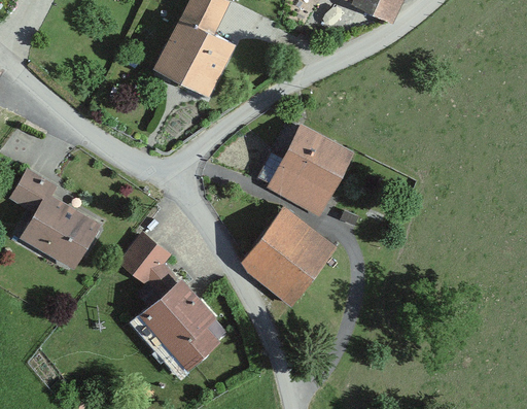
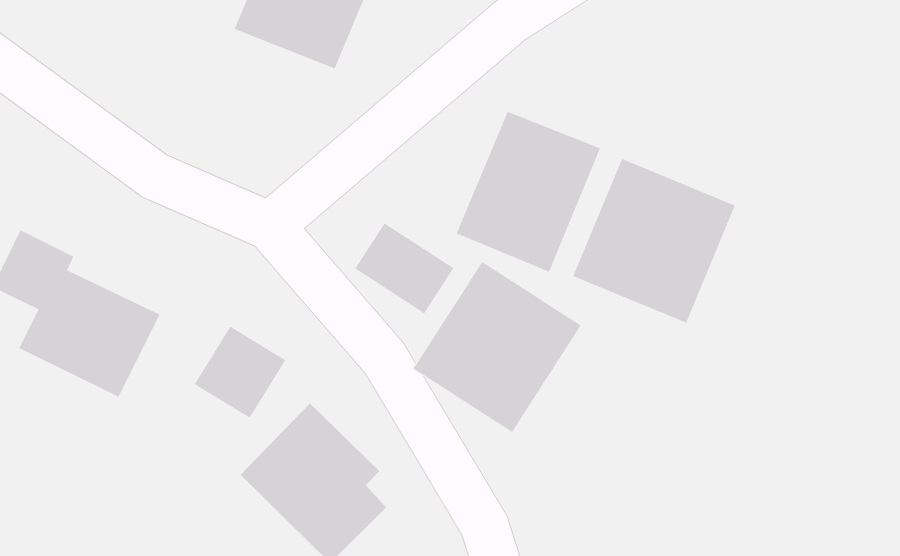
building: none -> [573,158,736,323]
building: none -> [355,223,454,314]

